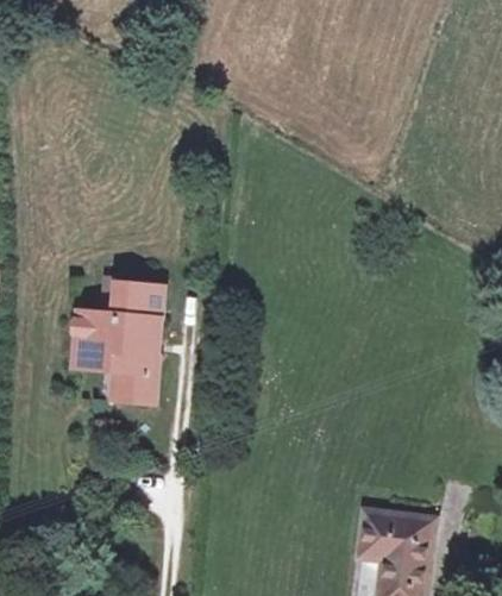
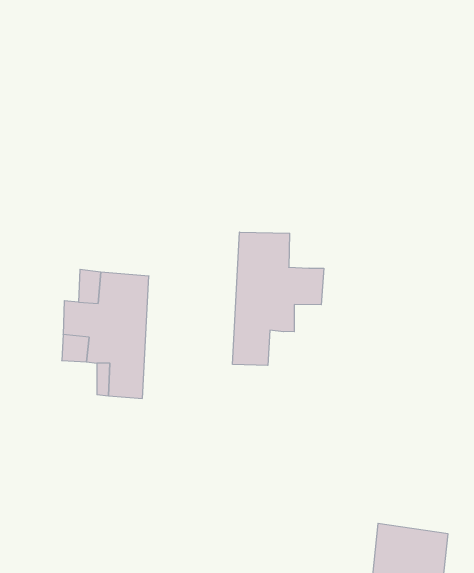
building: none -> [233,232,324,365]

